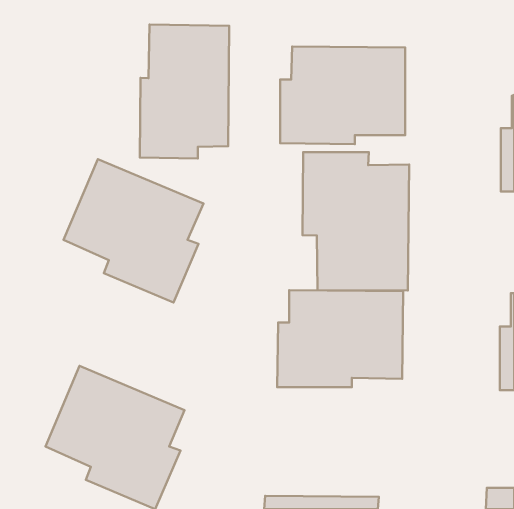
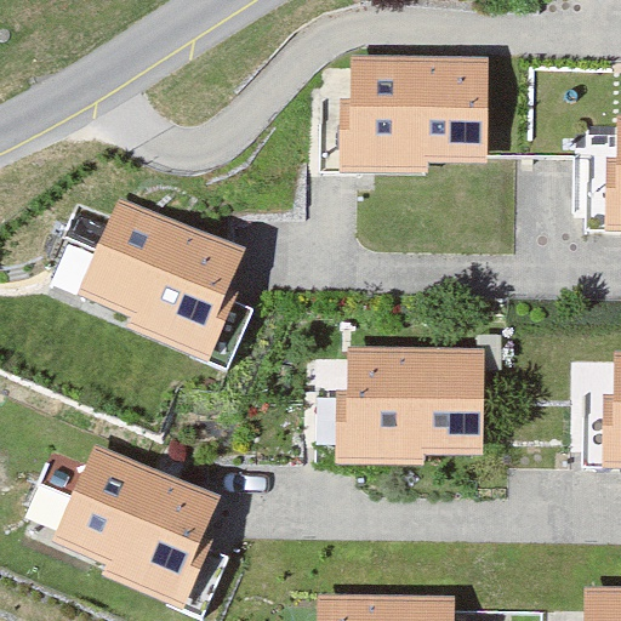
building: [140,24,229,158] -> none
building: [303,152,409,291] -> none

